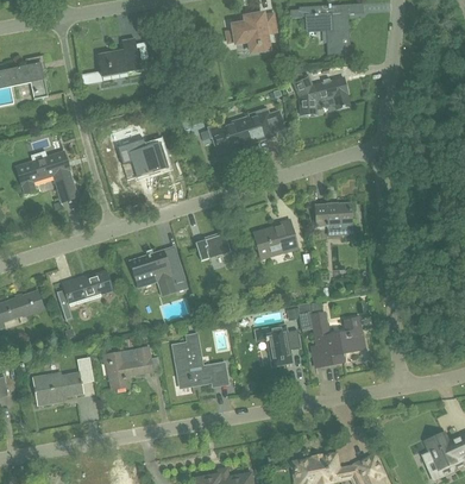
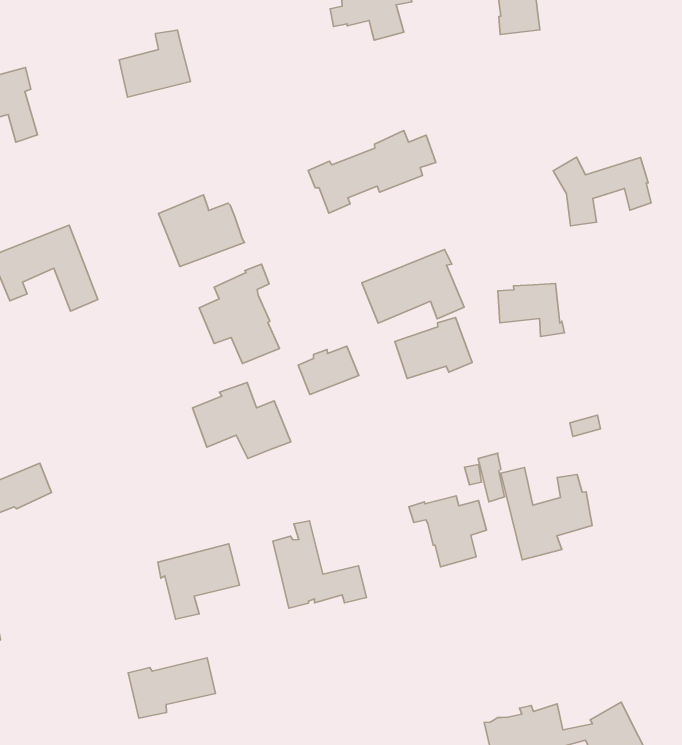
building: [291,74,348,114] -> [553,157,651,226]
building: none -> [362,250,464,323]
building: none -> [199,264,279,363]
building: [56,271,111,310] -> none
building: [32,371,83,404] -> [128,658,215,718]

